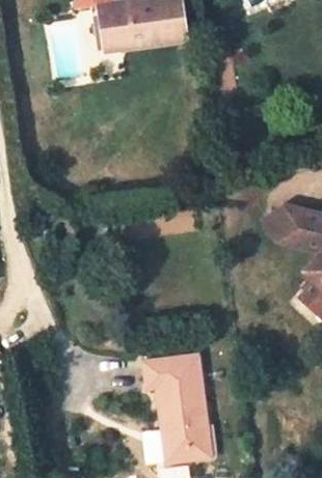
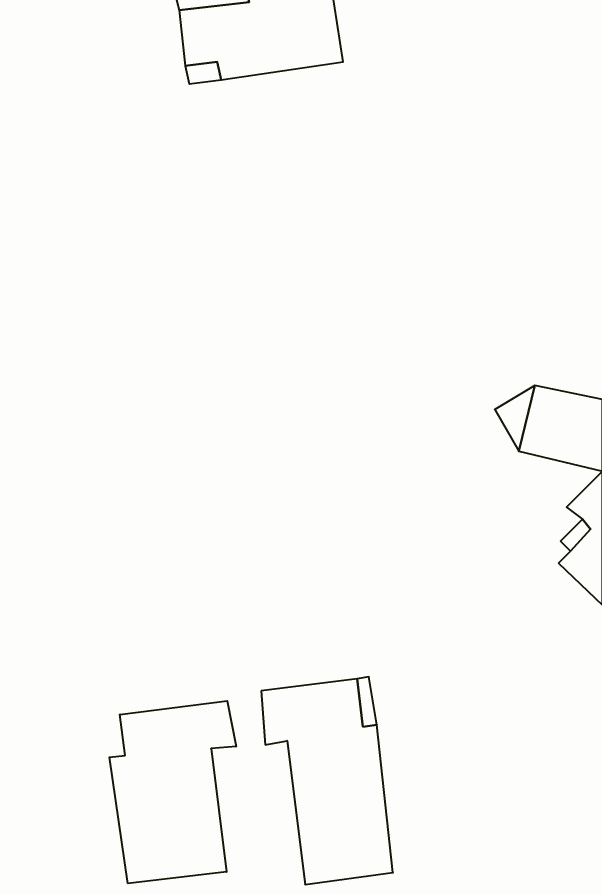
building: none -> [109,701,236,883]

